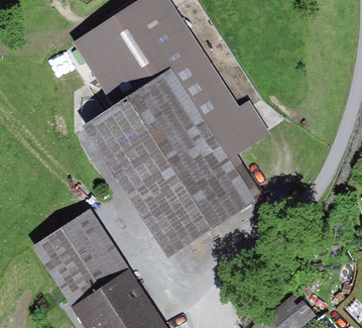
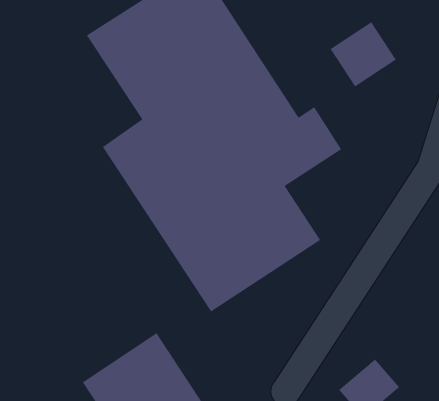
building: none -> [330,21,397,87]
building: [31,211,128,309] -> none

